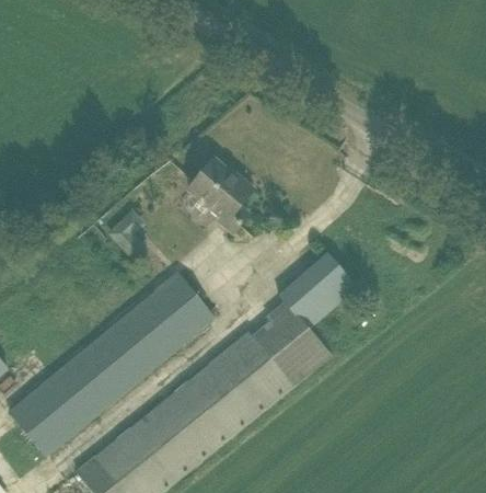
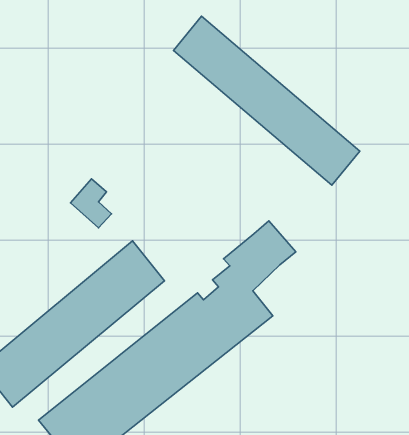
building: none -> [173,16,360,185]
building: [187,160,253,233] -> none

